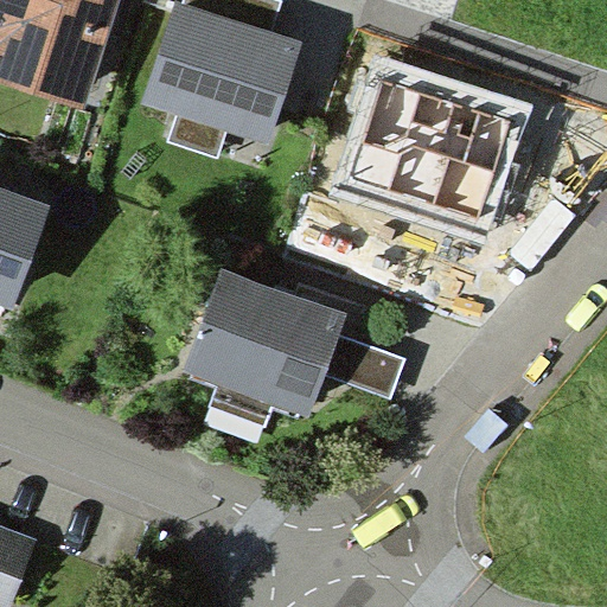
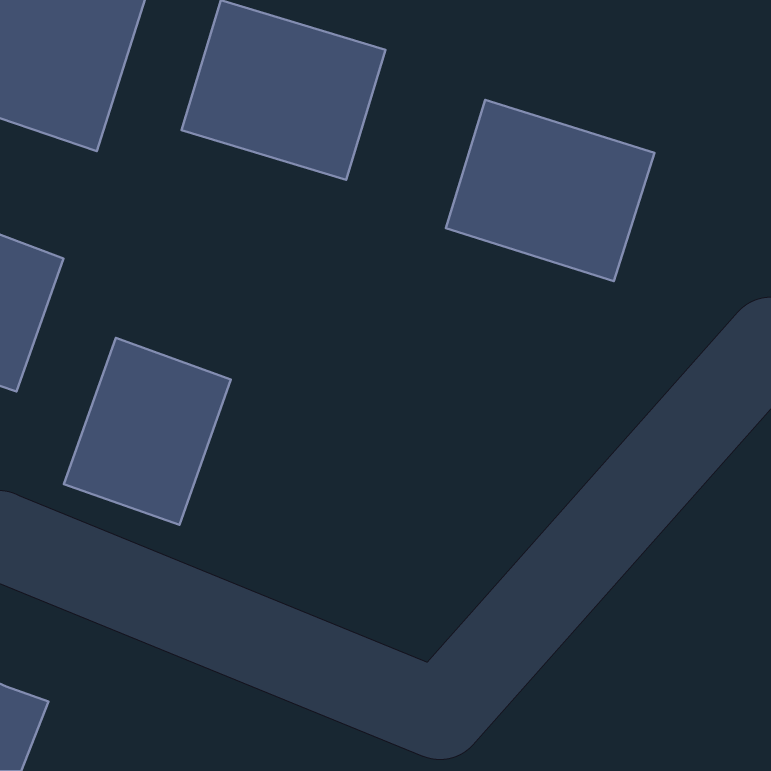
building: none -> [64,338,231,525]
building: [181,266,346,420] -> none

